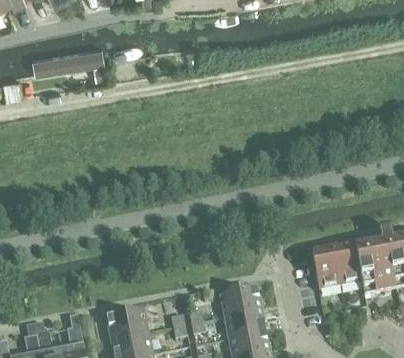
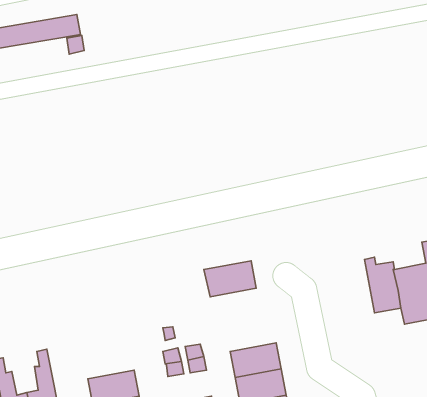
building: [311,242,340,289] -> none
building: [219,287,261,316] -> [204,261,256,297]
building: [106,309,147,338] -> none

